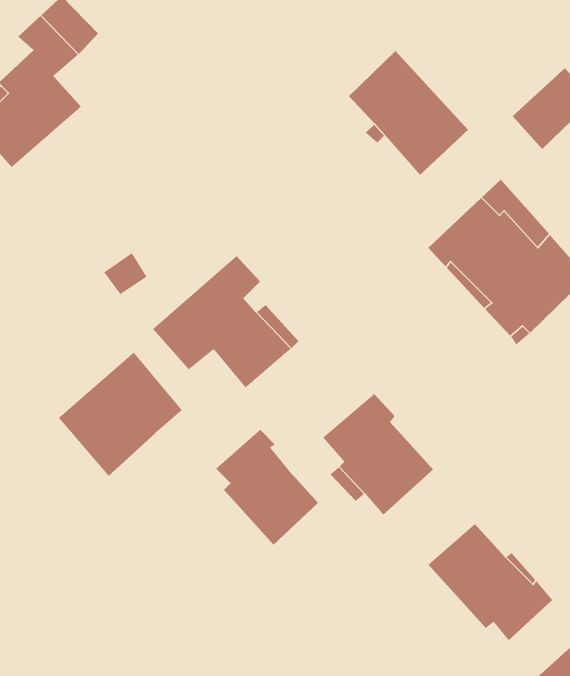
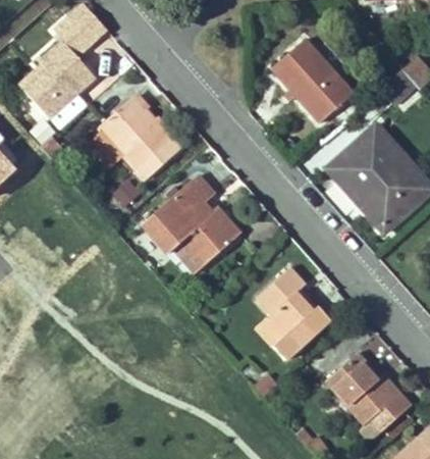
building: none -> [99,96,179,180]
building: [58,352,183,477] -> none
building: [215,429,319,545] -> none

